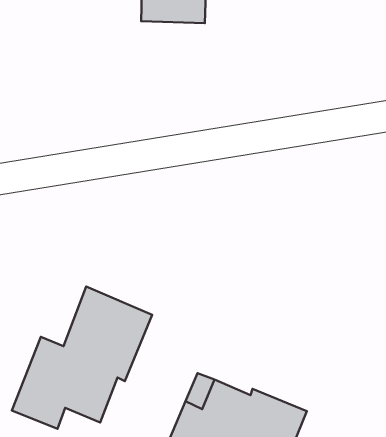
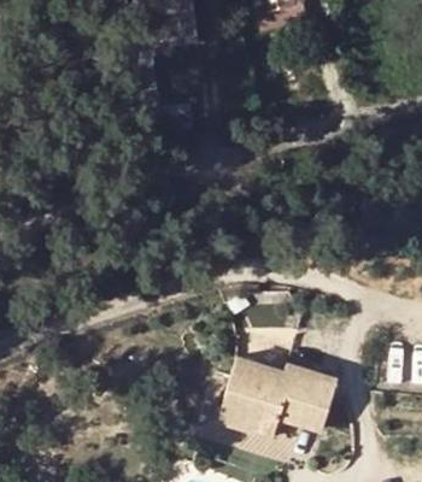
building: [12,287,152,429] -> none

